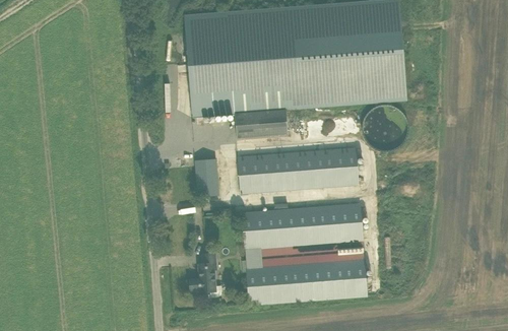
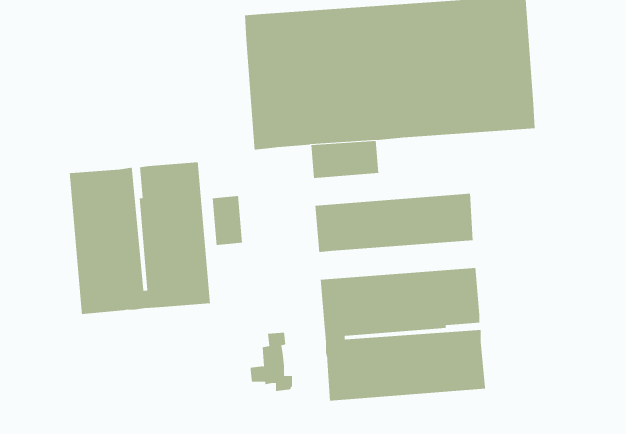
building: none -> [69,162,210,315]
building: [195,158,218,196] -> [212,196,243,245]

